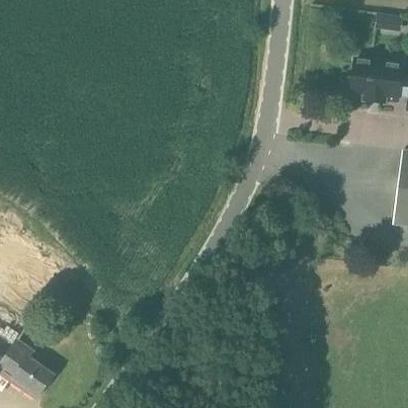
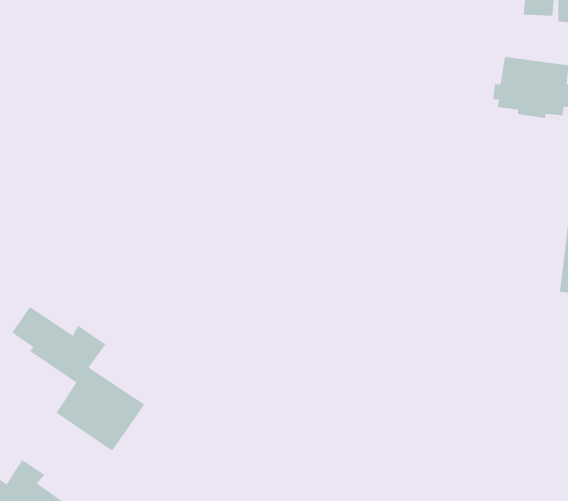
building: none -> [11,306,145,452]

